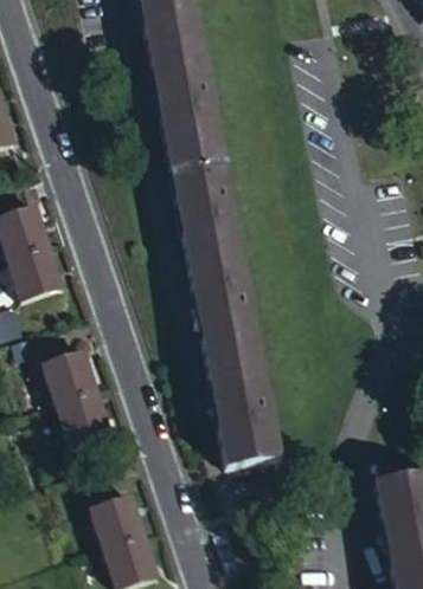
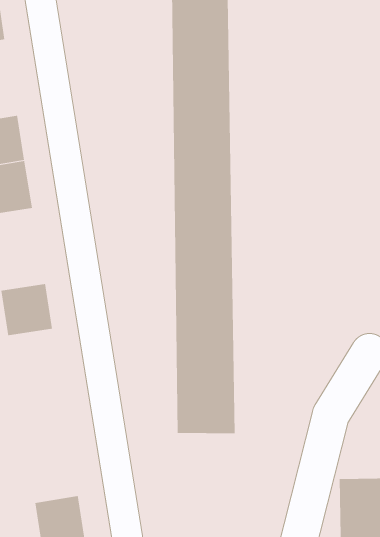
building: [60,389,113,442] -> none
building: [96,494,147,546] -> none

